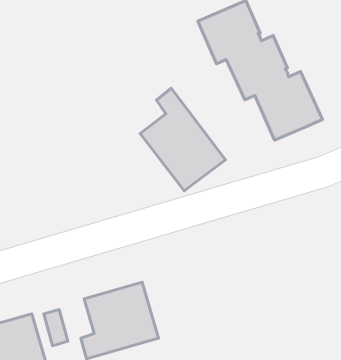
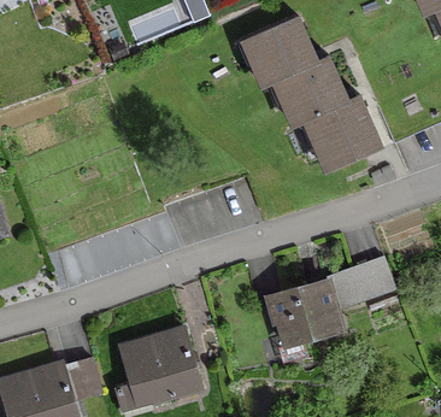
building: [140,88,225,191] -> none
building: none -> [266,257,393,345]

